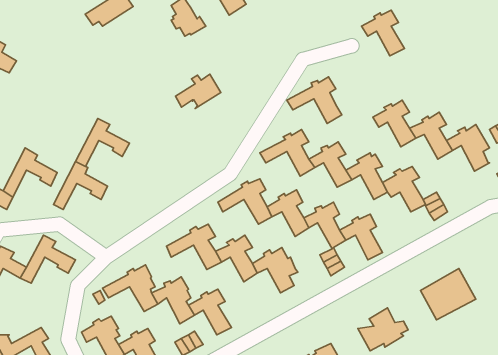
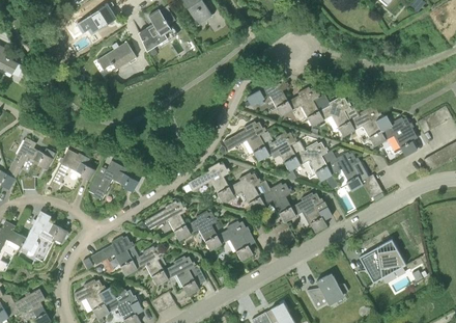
building: [362,10,405,56] -> [287,87,323,126]
building: [175,74,221,108] -> [96,41,135,70]
building: [76,119,130,166] -> [92,160,138,200]

